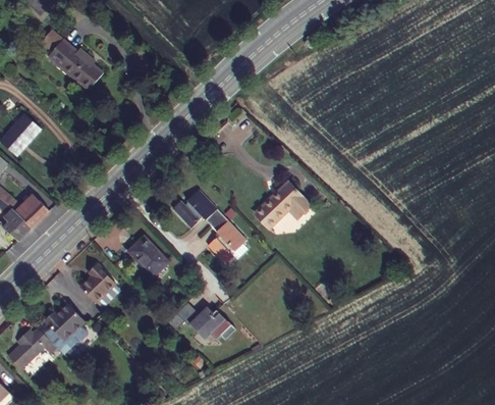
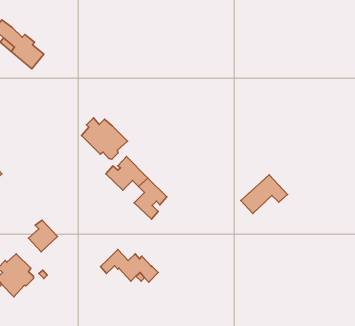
building: none -> [81,118,127,159]
building: [255,183,310,229] -> [241,175,287,213]
building: [130,237,169,276] -> none

